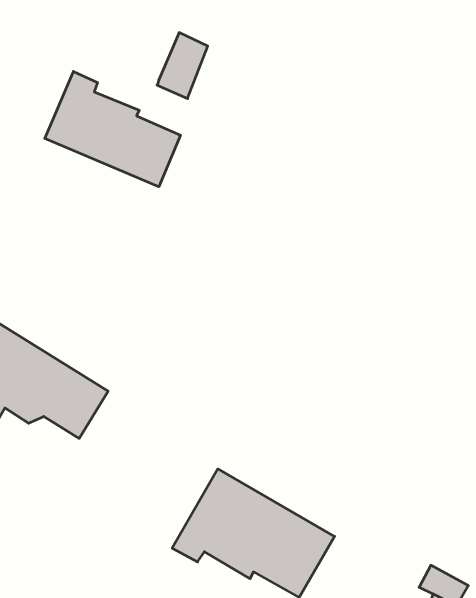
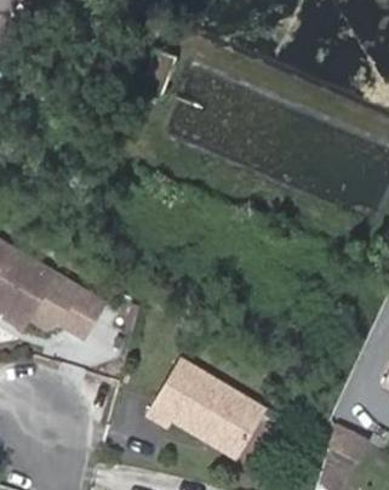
building: [45,71,180,187] -> none

